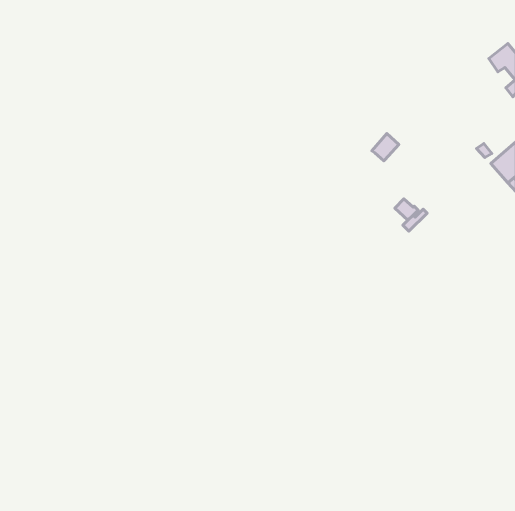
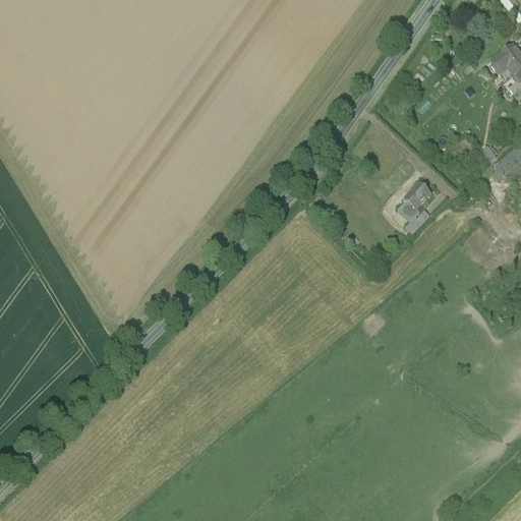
building: [372,134,399,161] -> [405,181,432,209]

